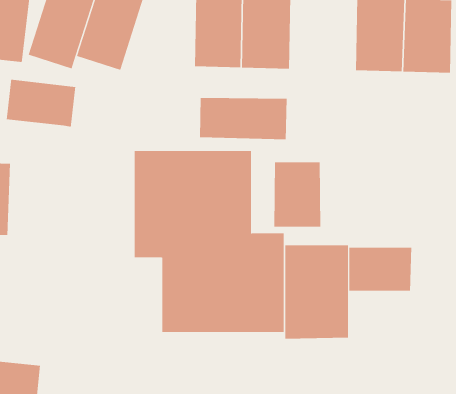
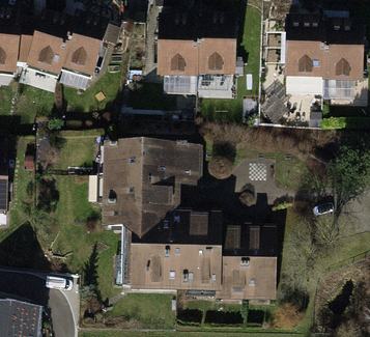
building: [6,79,76,127] -> none
building: [200,97,287,140] -> none
building: [274,161,321,227] -> none
building: [349,247,412,292] -> none

